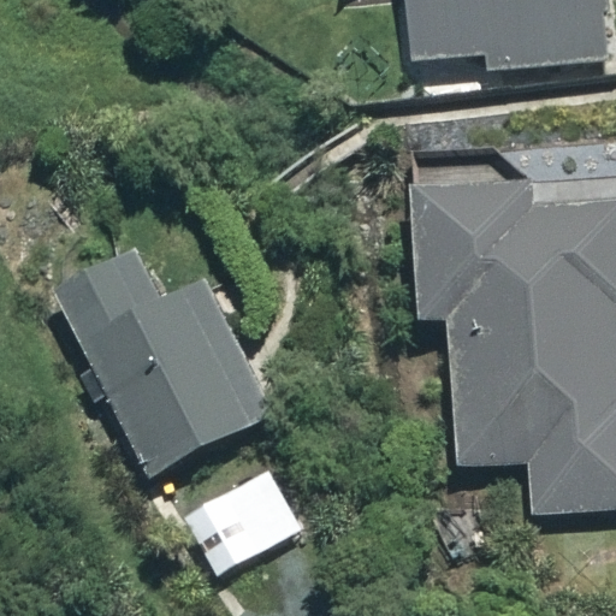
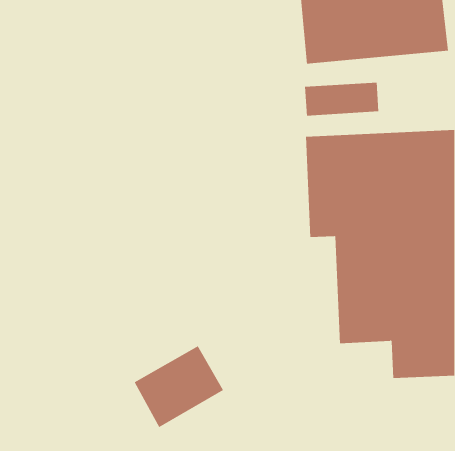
building: [60,247,274,479] -> none

